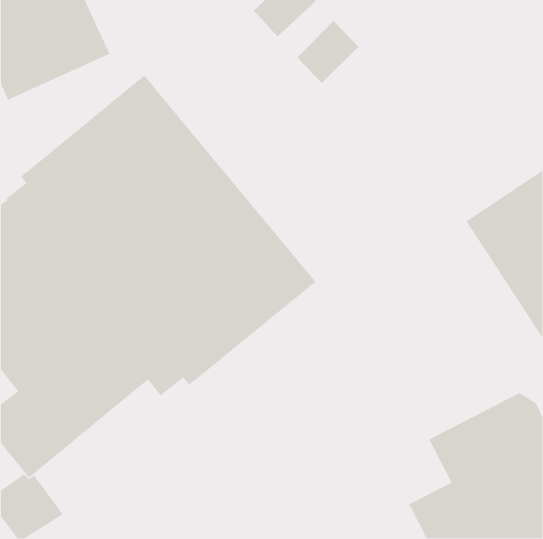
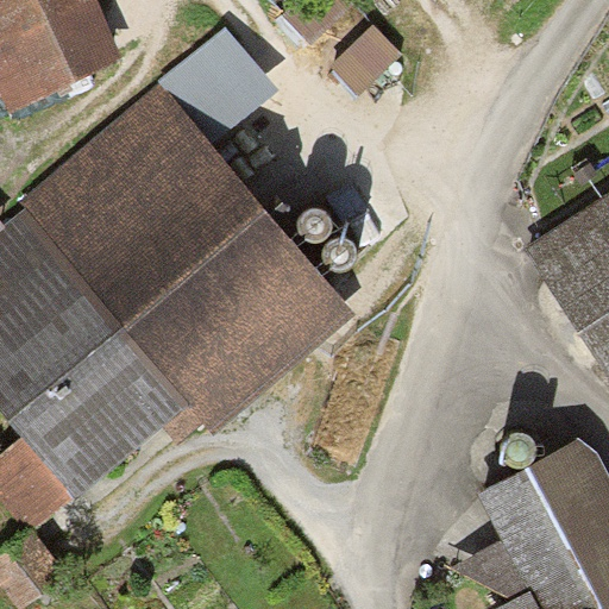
building: none -> [158,27,280,145]

